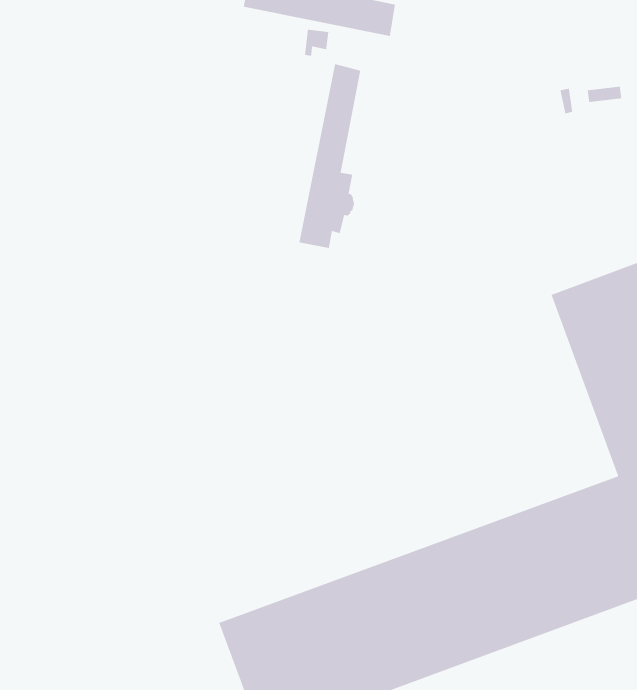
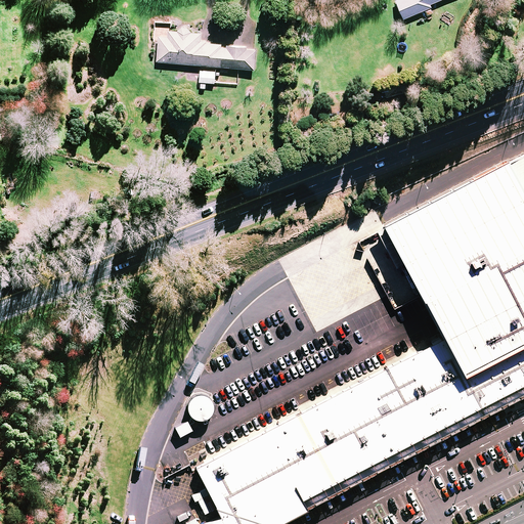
building: [299,63,361,249] -> none

